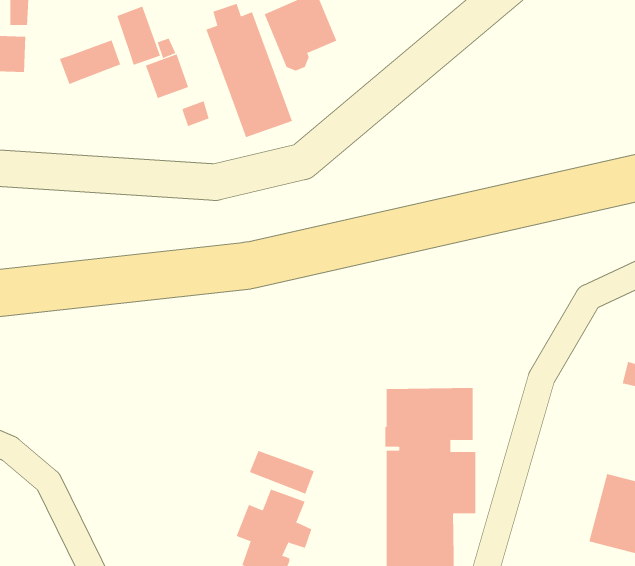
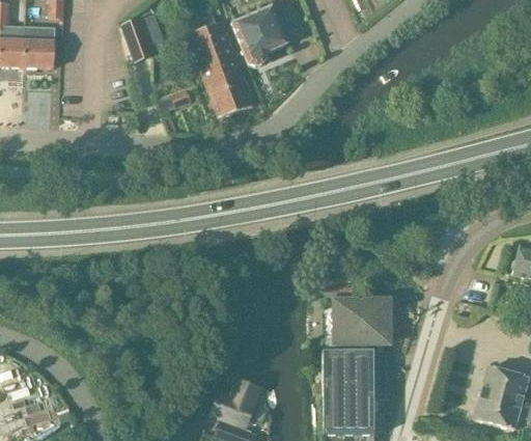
building: [59,40,121,85] -> none
building: [145,54,189,99] -> none
building: [249,450,314,495] -> none

